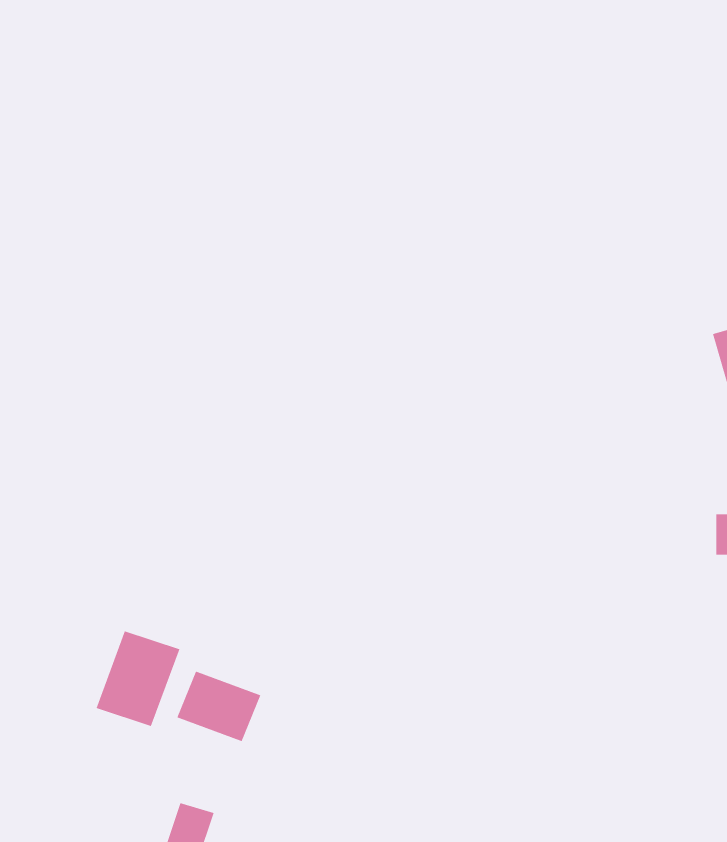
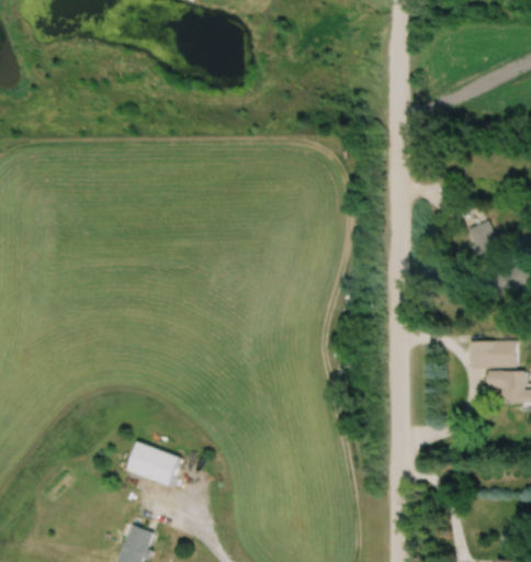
building: [96,631,180,727] -> none

